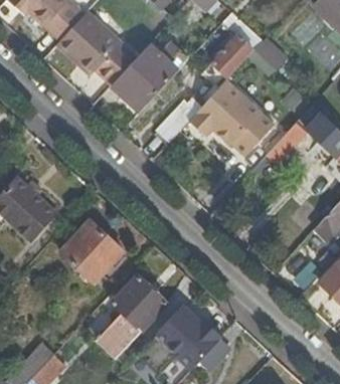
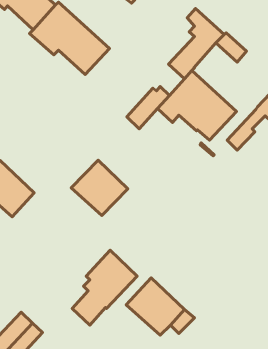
building: [112,44,178,112] -> none
building: [62,220,124,280] -> [71,160,128,216]

